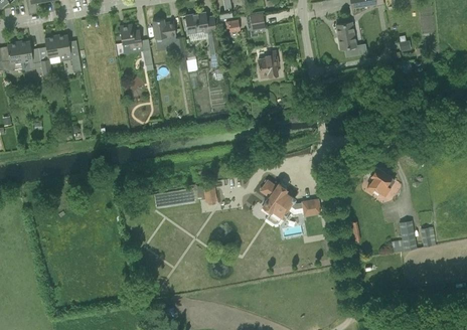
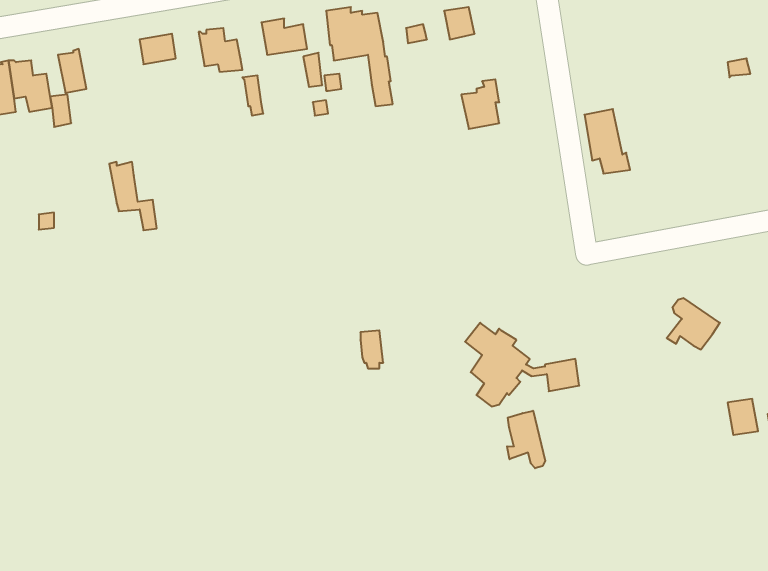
building: [336,22,360,56] -> [584,109,630,174]
building: [55,34,81,70] -> [109,162,157,230]
building: none -> [507,411,545,468]

